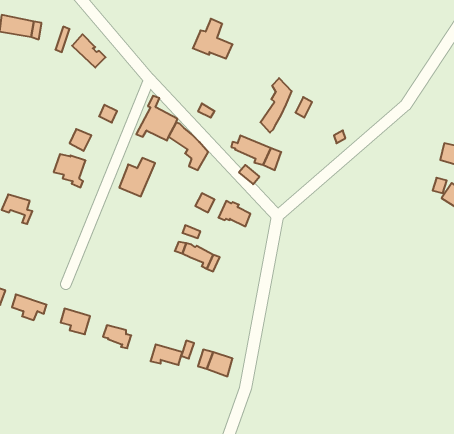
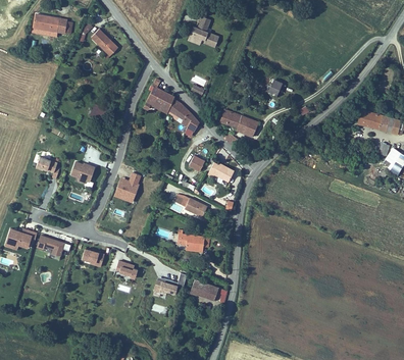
building: [260,78,292,133] -> none
building: none -> [357,108,387,130]
building: [54,154,86,187] -> [69,162,95,189]
building: [119,158,155,196] -> [113,172,142,203]
building: none -> [176,230,209,250]

